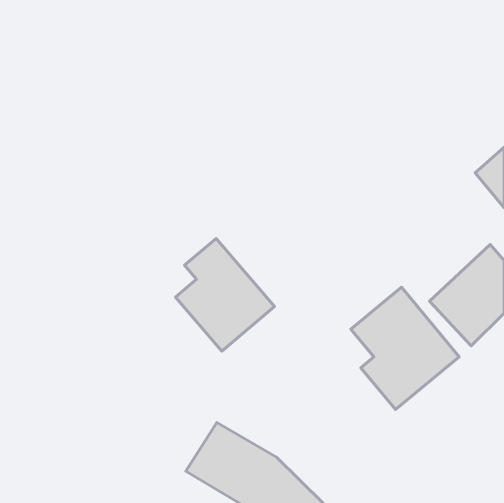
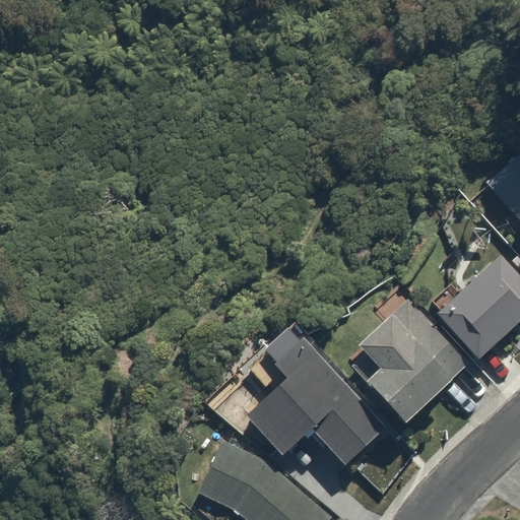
building: [176,238,274,351] -> none
building: none -> [242,334,388,470]

